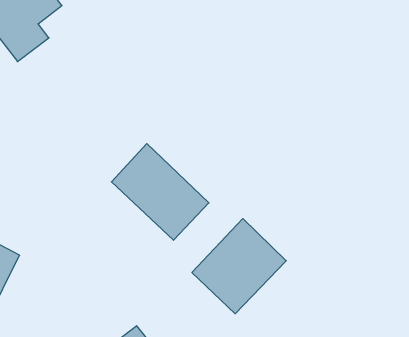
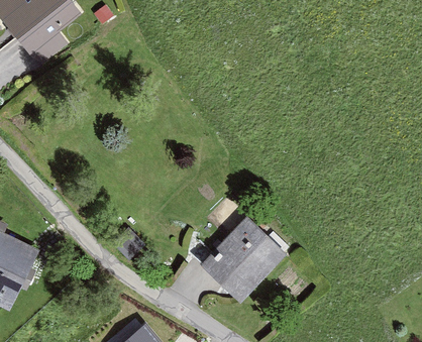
building: [111,144,209,240] -> none

